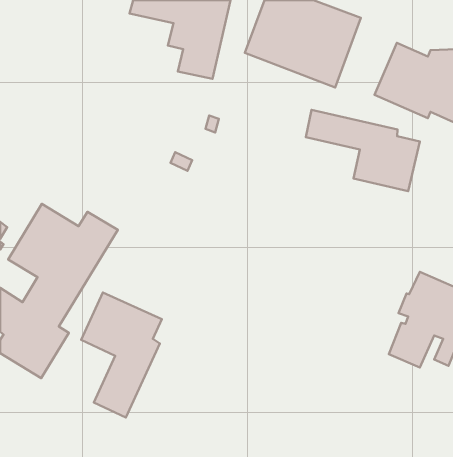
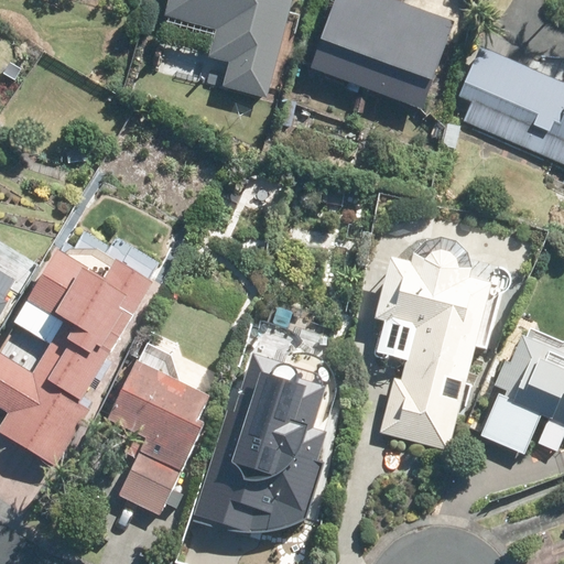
building: [306,110,420,191] -> none
building: none -> [375,237,510,447]
building: none -> [195,354,326,531]

